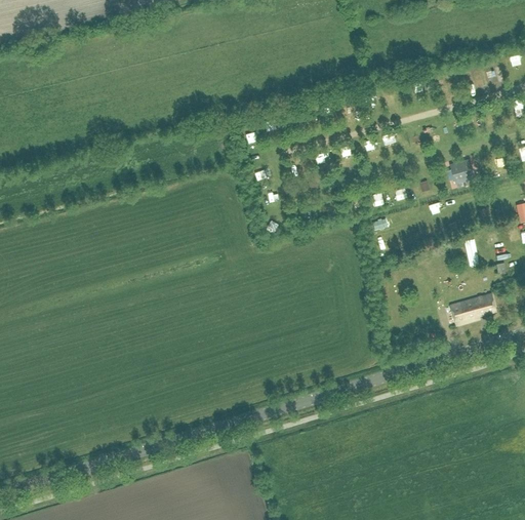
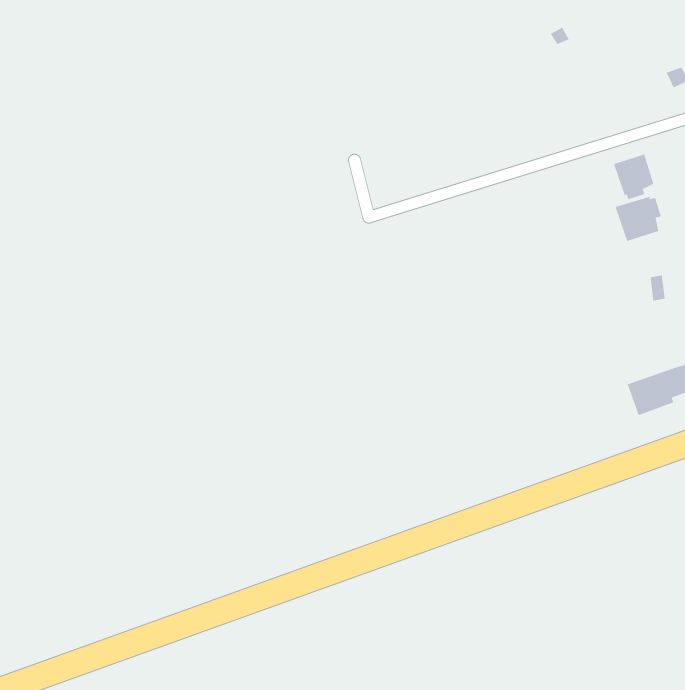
building: none -> [615,196,662,242]

